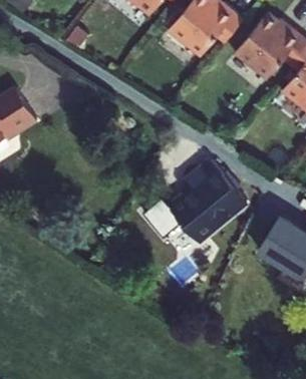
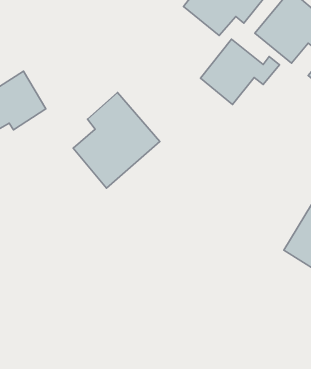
building: none -> [200,39,280,104]
building: [166,162,244,249] -> [73,93,160,188]

